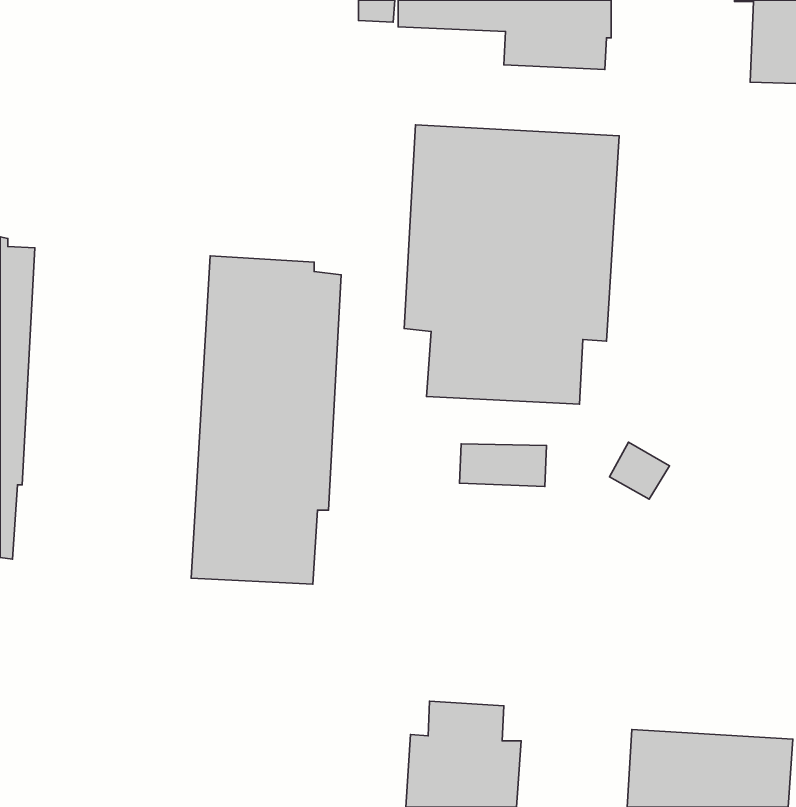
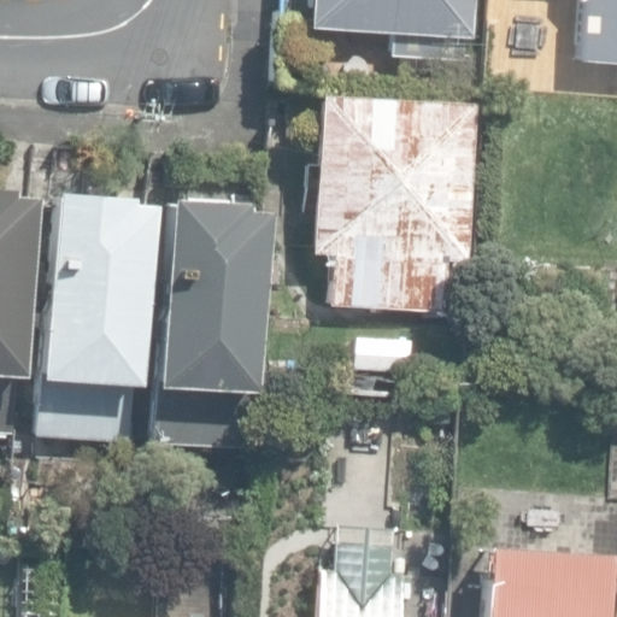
building: none -> [34,184,148,452]

